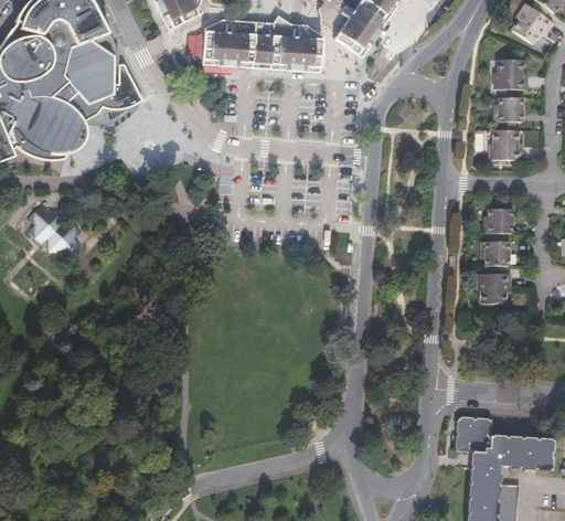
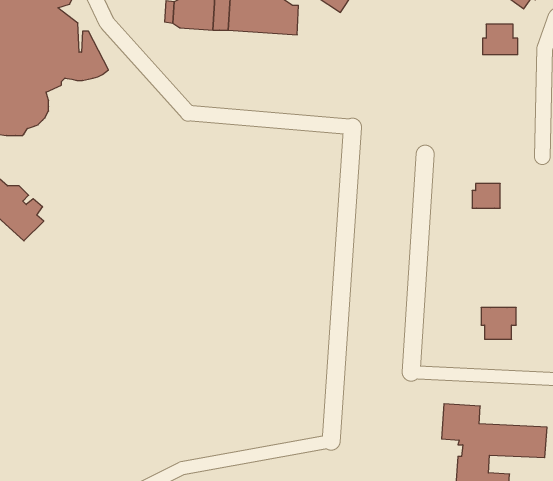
building: [495,96,523,120] -> none
building: [490,129,523,158] -> none
building: [481,232,509,264] -> none
building: [477,273,510,302] -> [481,308,516,339]

